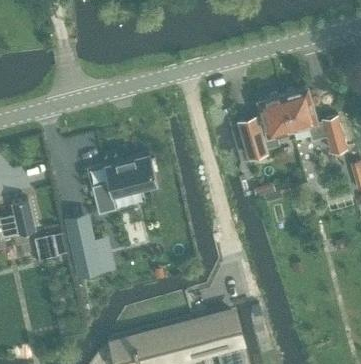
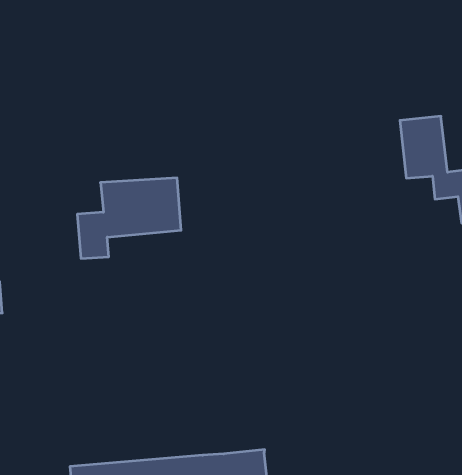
building: [238,95,292,159] -> none
building: [67,225,102,278] -> none

